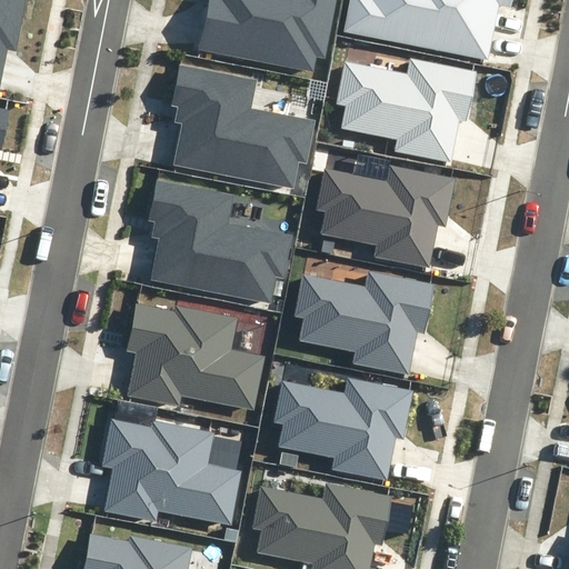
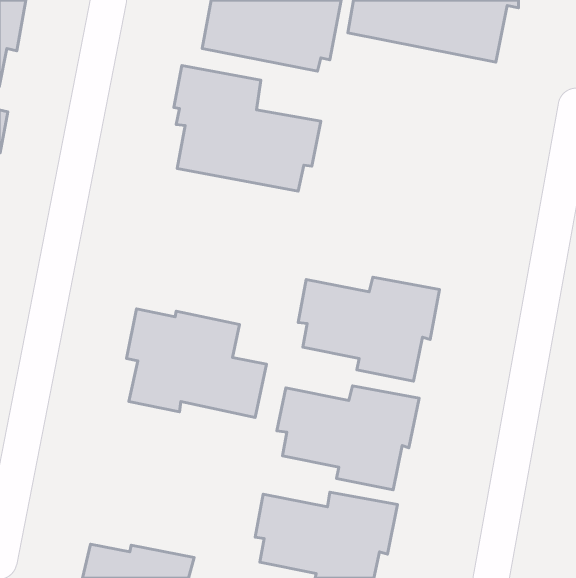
building: [336,59,476,161] -> none
building: [315,167,455,269] -> none
building: [148,180,292,303] -> none
building: [99,418,240,525] -> none

